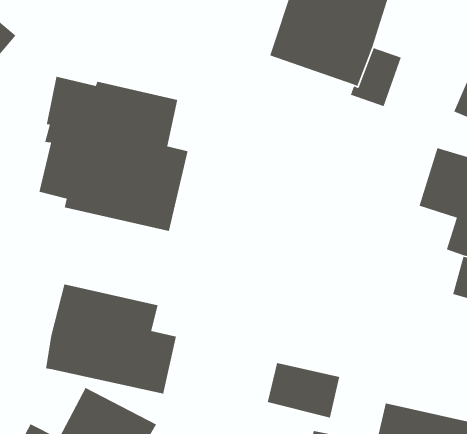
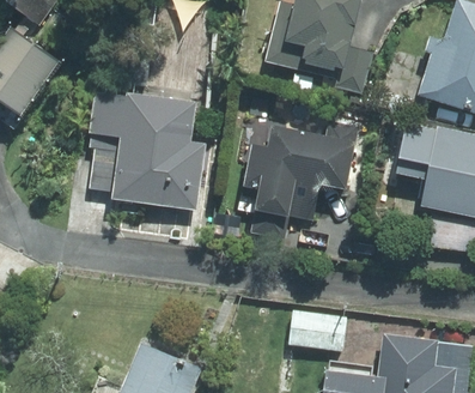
building: none -> [244,126,358,238]
building: [45,283,177,394] -> none

